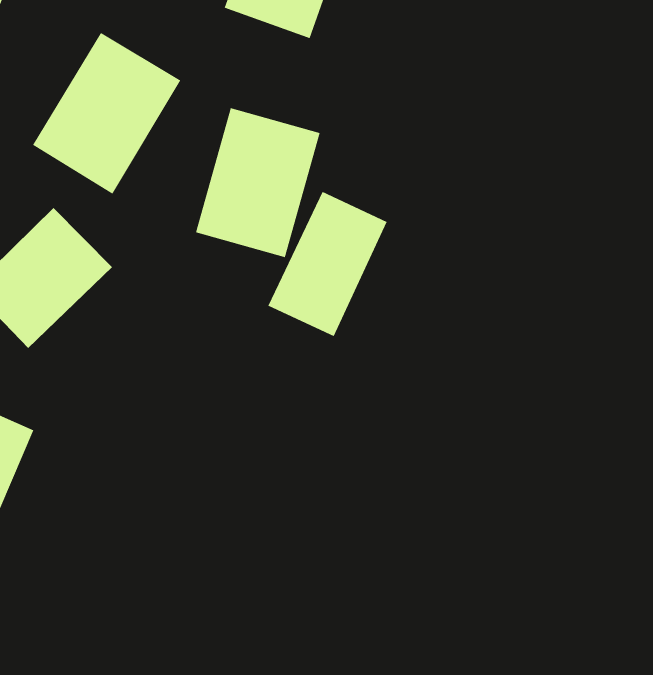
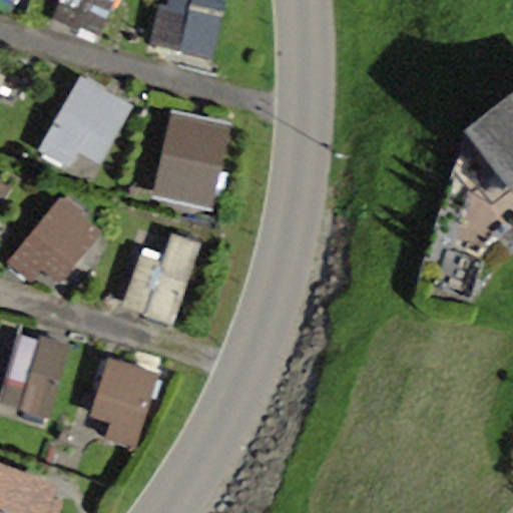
building: [268,191,387,337] -> [127,228,198,324]
building: none -> [85,356,158,439]

